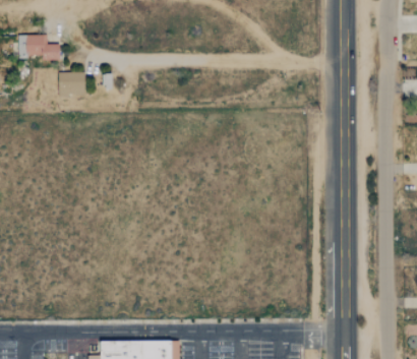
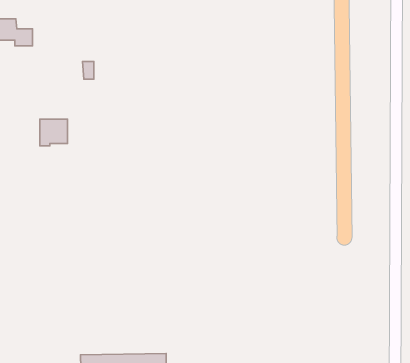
building: [57,71,82,96] -> [40,119,68,146]

